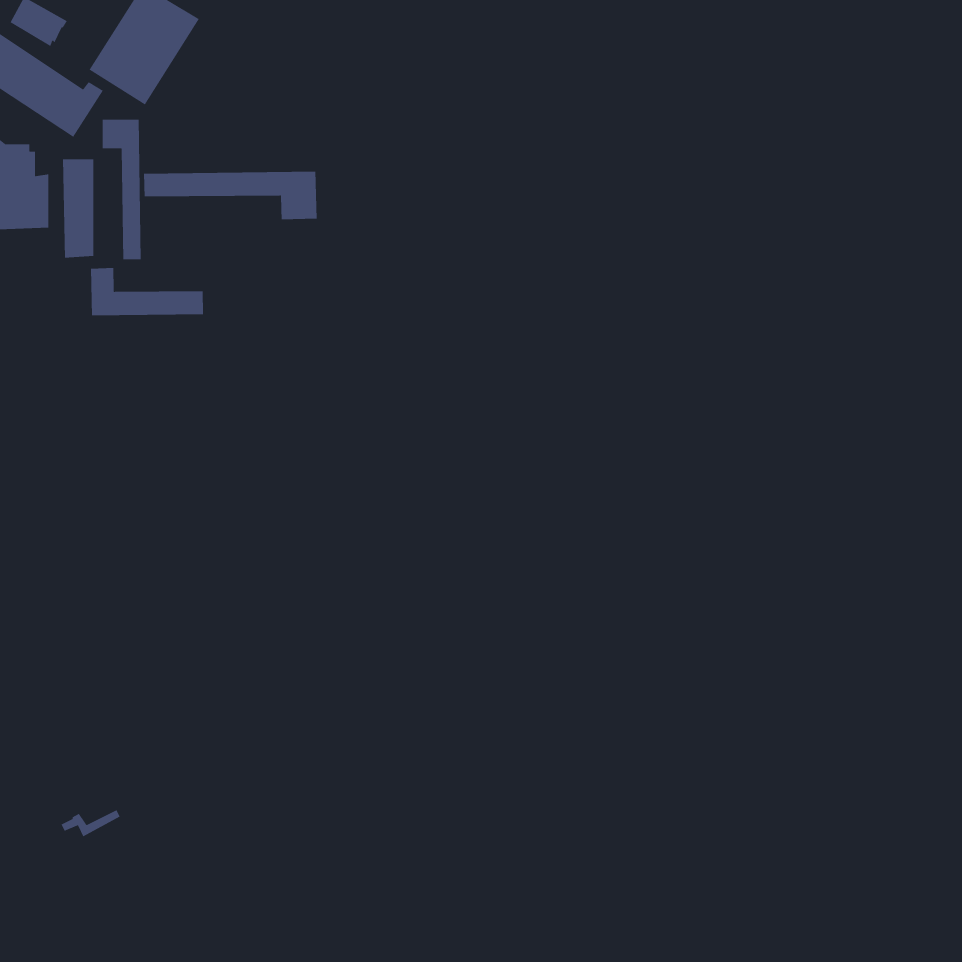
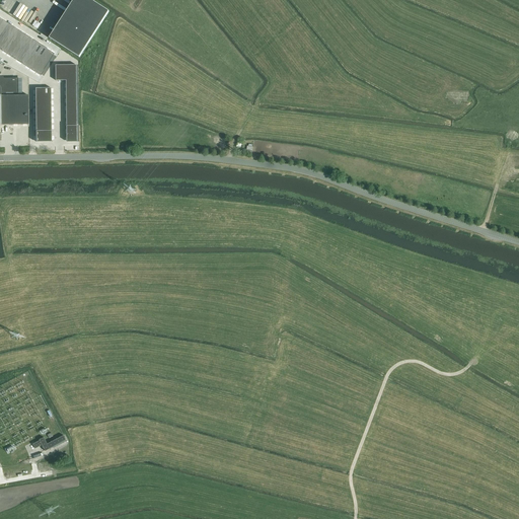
building: [143,171,318,220] -> none
building: [90,267,204,316] -> none

